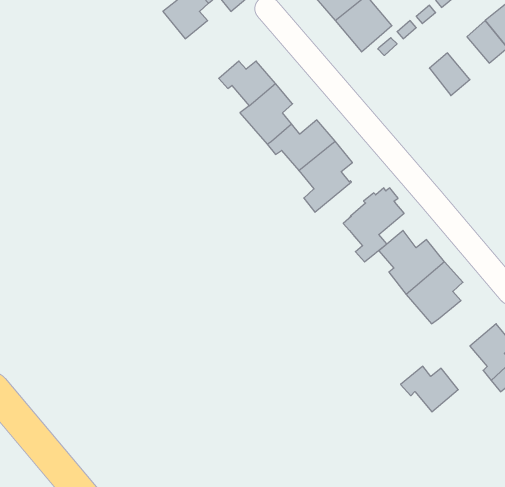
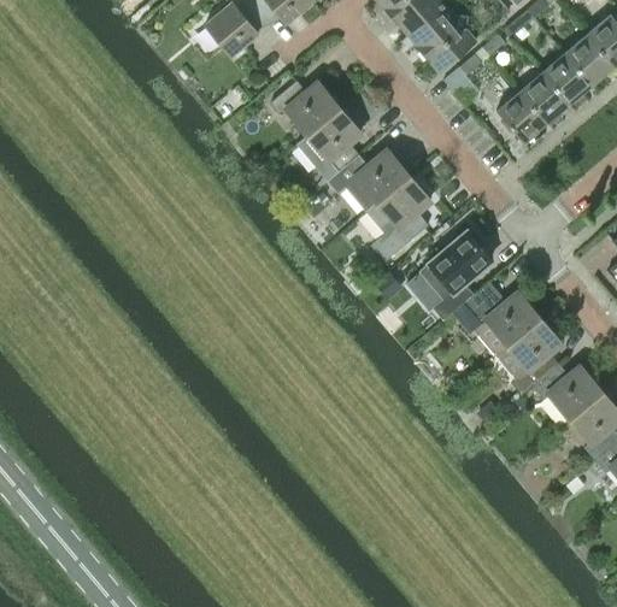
building: none -> [543,52,593,102]
building: none -> [498,89,547,141]
building: [401,366,458,412] -> [533,365,601,419]

